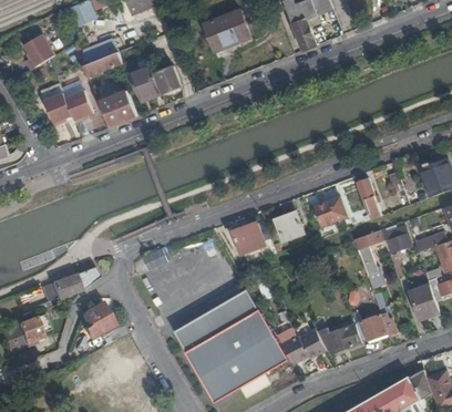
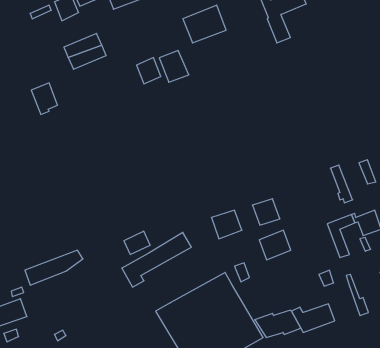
building: [22,33,53,69] -> none
building: [130,66,161,100] -> [159,51,189,82]
building: [64,90,92,123] -> none
building: [101,90,136,126] -> none
building: [314,195,347,226] -> [259,230,291,260]
building: [356,292,387,343] -> none
building: [81,303,111,339] -> none

